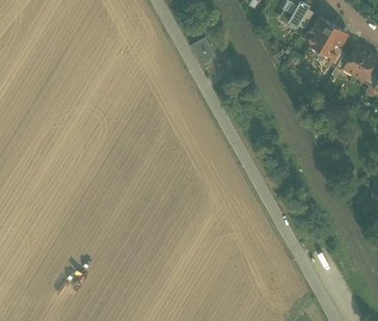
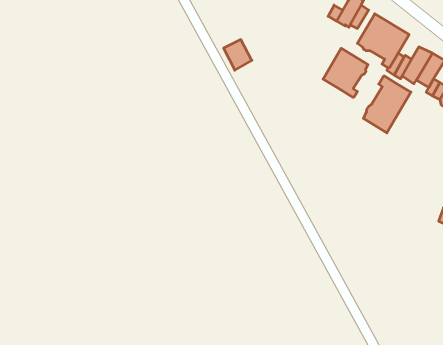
building: none -> [323,48,368,97]
building: none -> [363,76,411,133]

